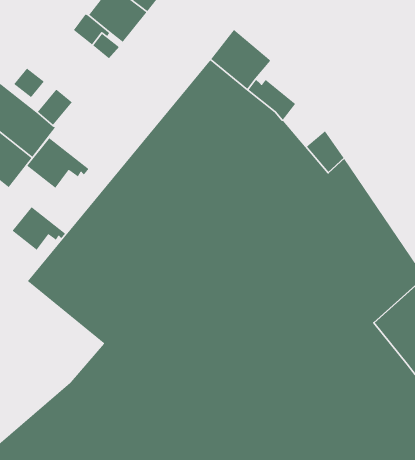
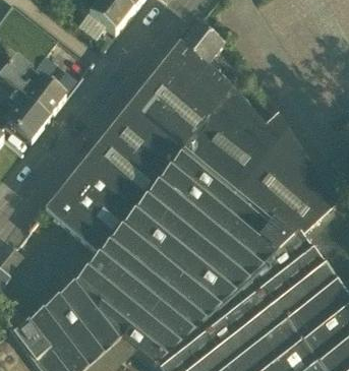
building: [26,137,89,189] -> none
building: [12,206,66,251] -> none

